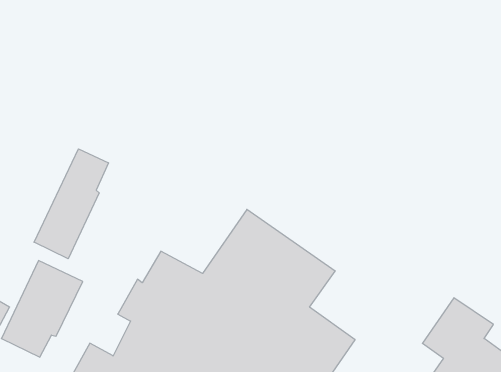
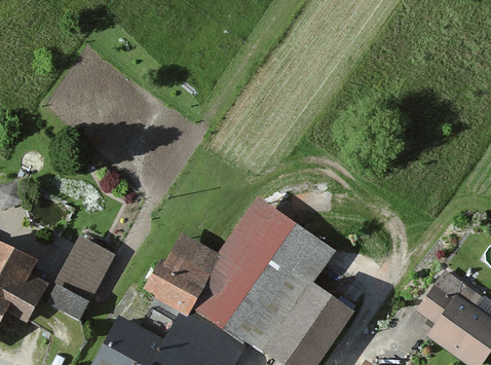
building: [34,149,108,259] -> none

